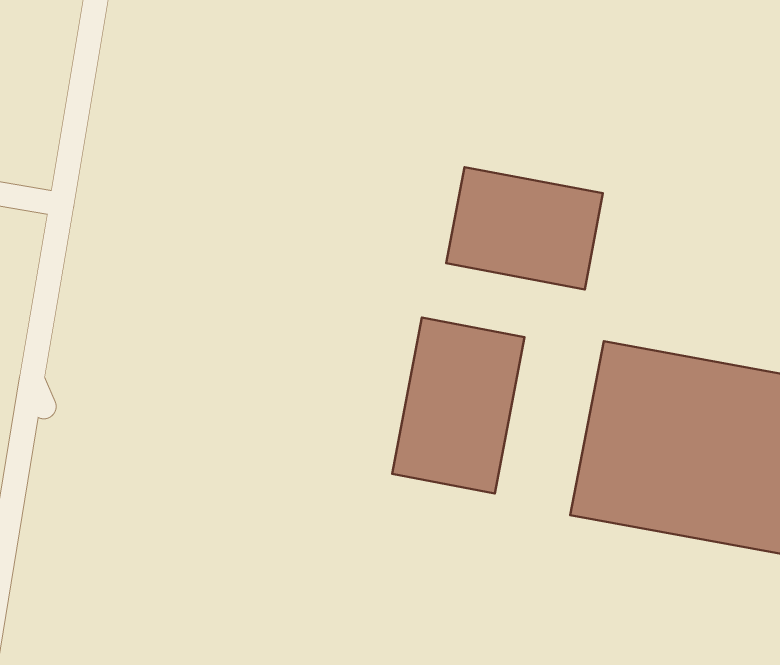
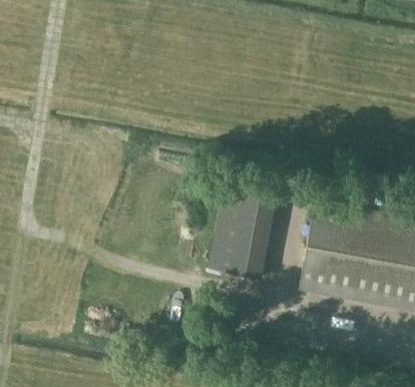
building: [446,167,603,289] -> none

